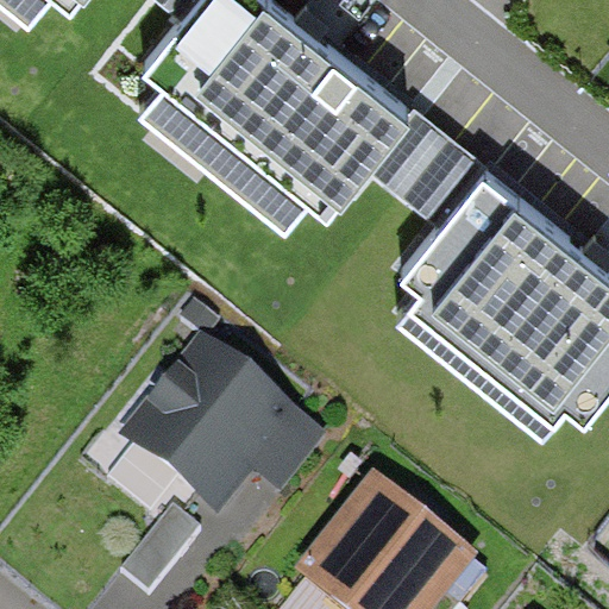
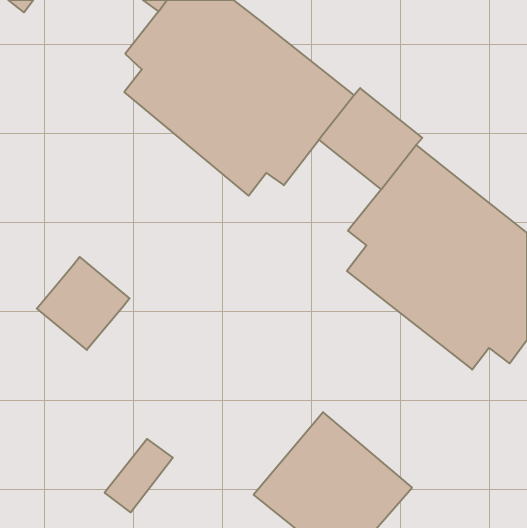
building: none -> [37,257,130,350]
building: [120,337,324,517] -> none

